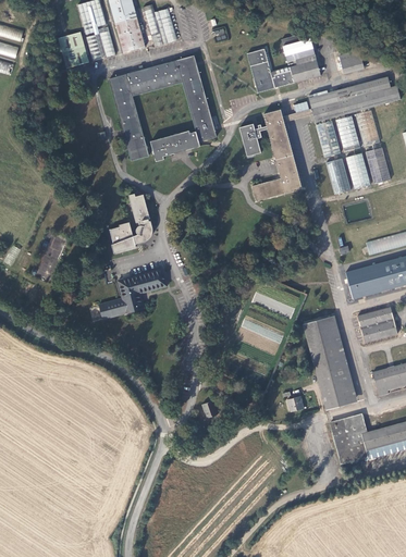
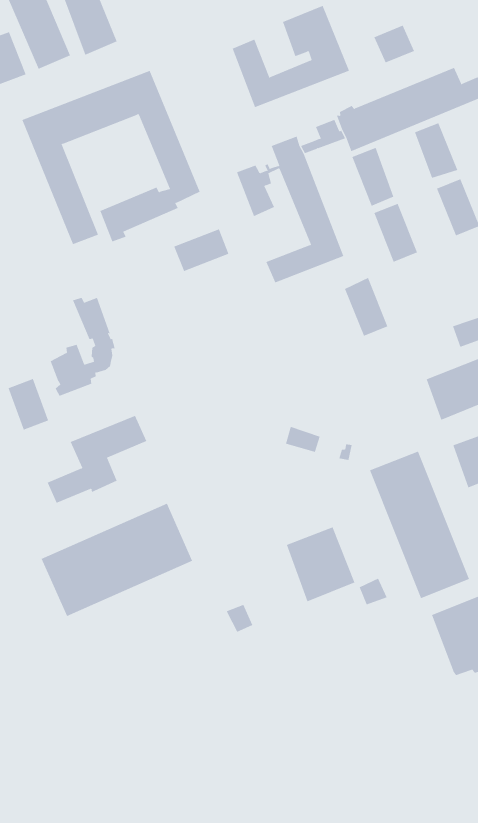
building: [334,115,358,152] -> none
building: [344,152,369,189] -> [344,277,388,336]
building: none -> [174,229,229,272]
building: none -> [8,378,49,430]
building: none -> [41,503,193,617]
building: none -> [286,526,355,602]

